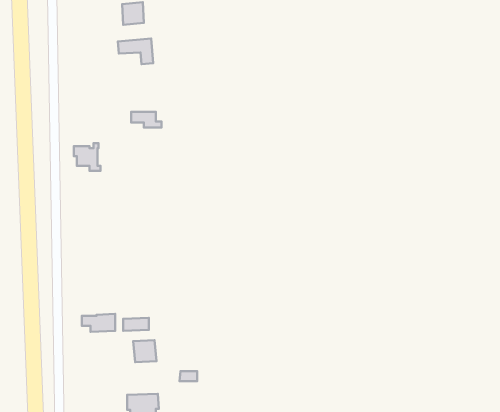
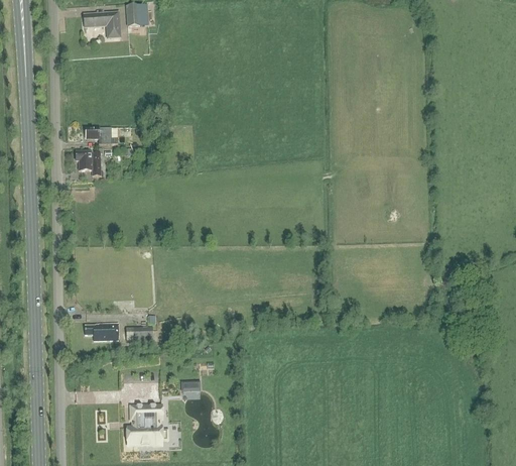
building: [118,39,153,64] -> [84,12,120,38]
building: [131,112,162,128] -> [86,128,117,144]
building: [133,340,156,362] -> none

